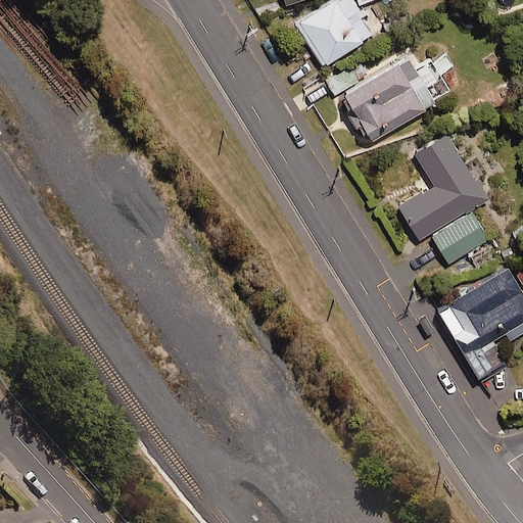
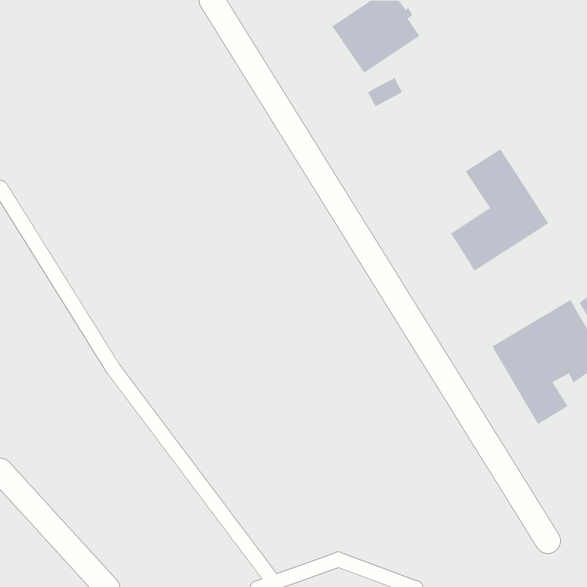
building: [340,55,453,143] -> none
building: [431,210,489,265] -> none

